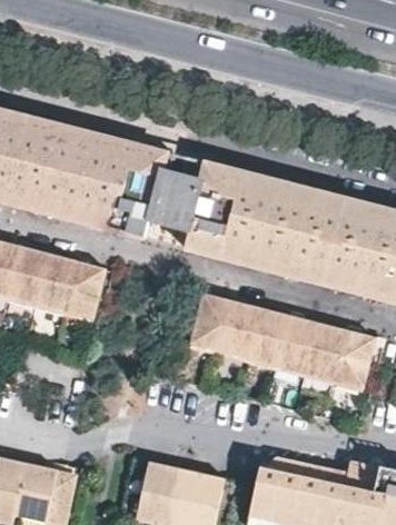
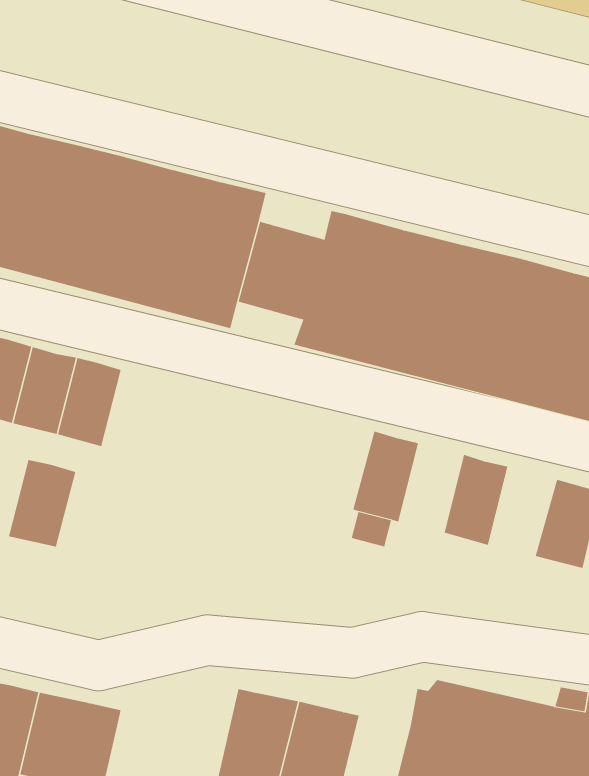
building: [65,264,107,318] -> [8,459,76,547]
building: [194,295,234,350] -> none
building: [249,309,289,365] -> none
building: [305,324,347,379] -> none

